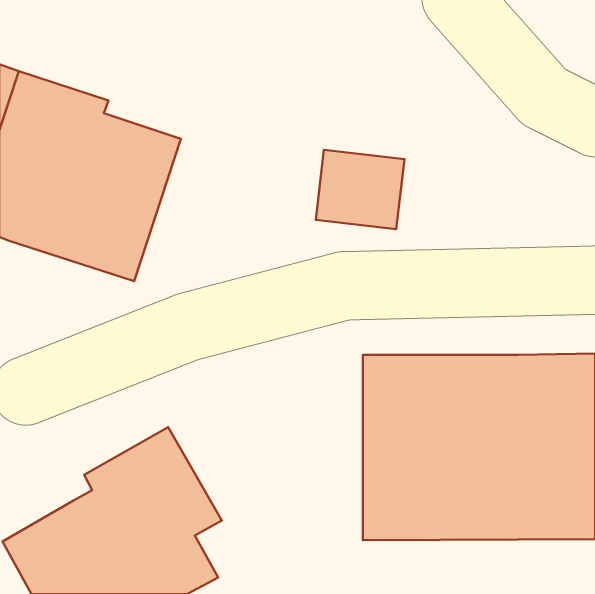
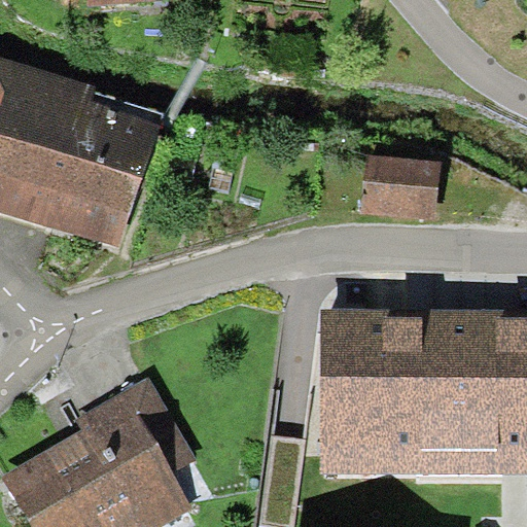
building: [316,150,404,229] -> [362,154,441,224]

